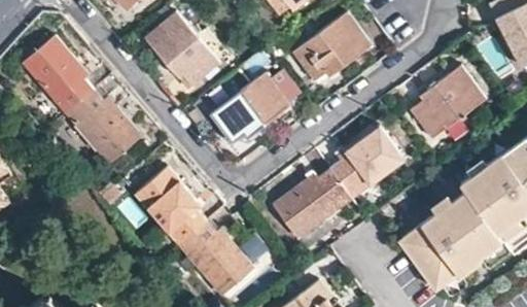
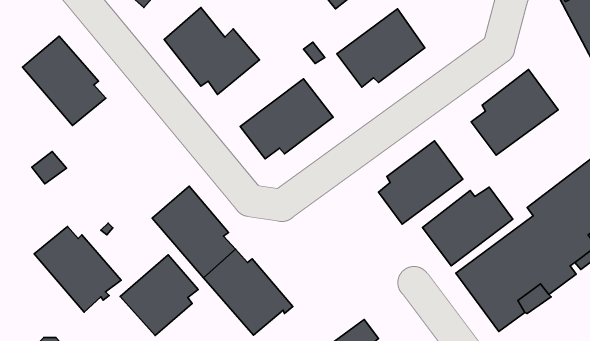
building: [66,90,141,164] -> [34,226,121,312]
building: [273,171,351,239] -> [422,187,513,266]
building: none -> [120,255,198,335]

